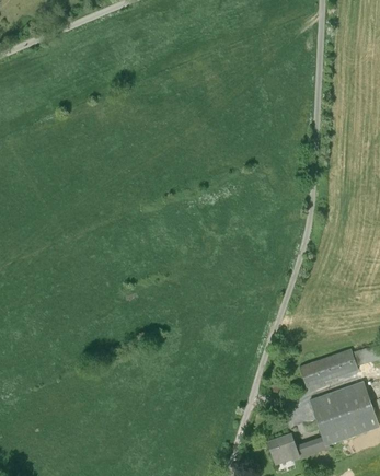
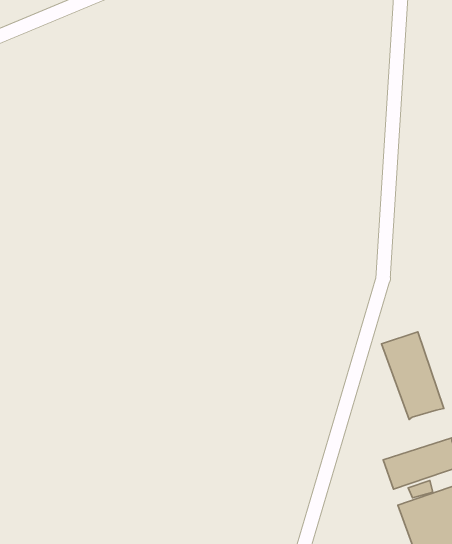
building: none -> [382,332,444,419]

